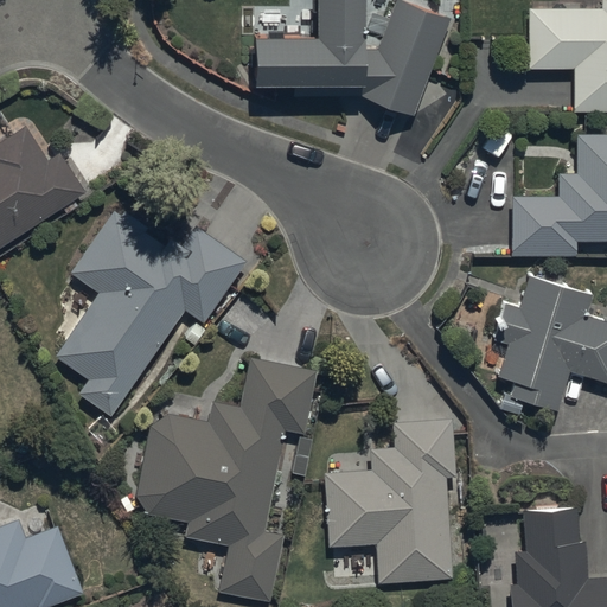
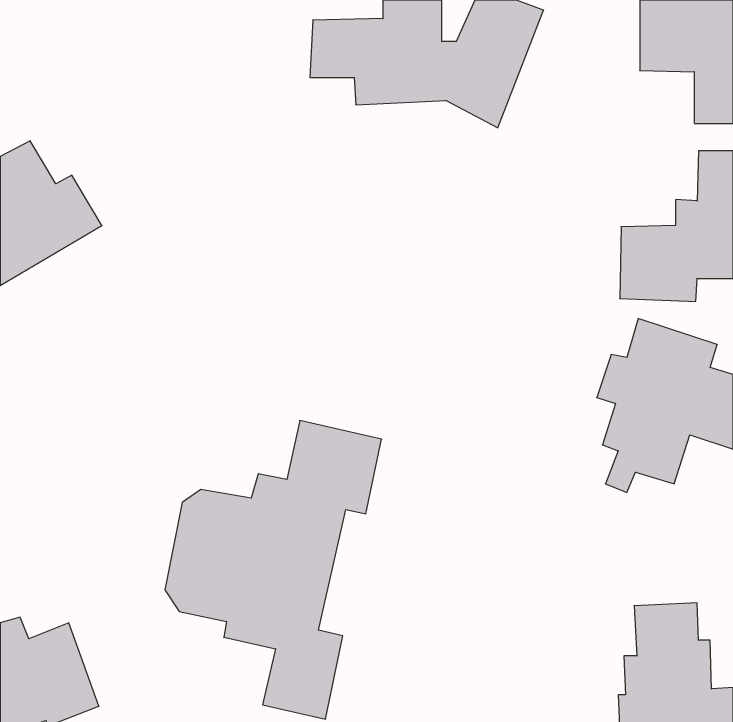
building: [55,212,245,417] -> none
building: [324,422,454,583] -> none

